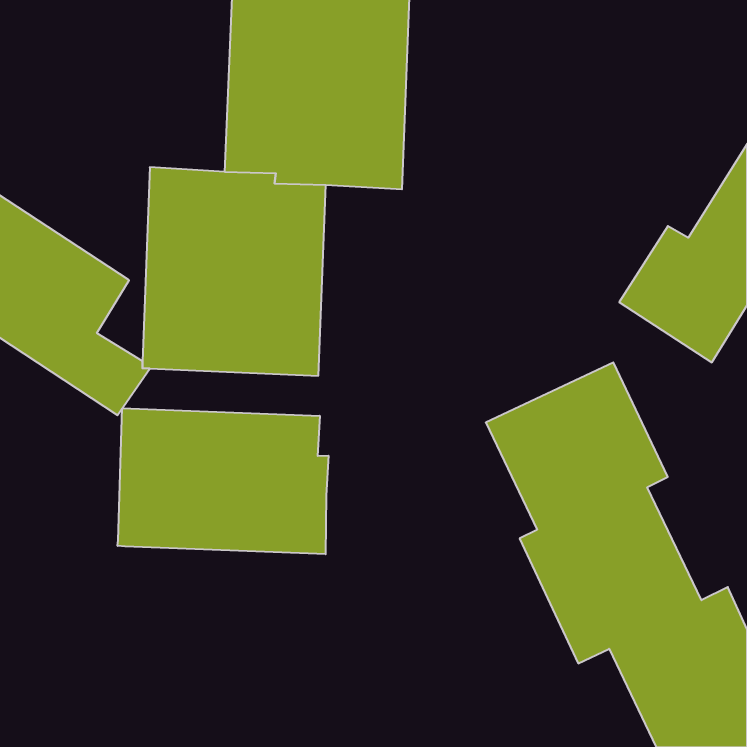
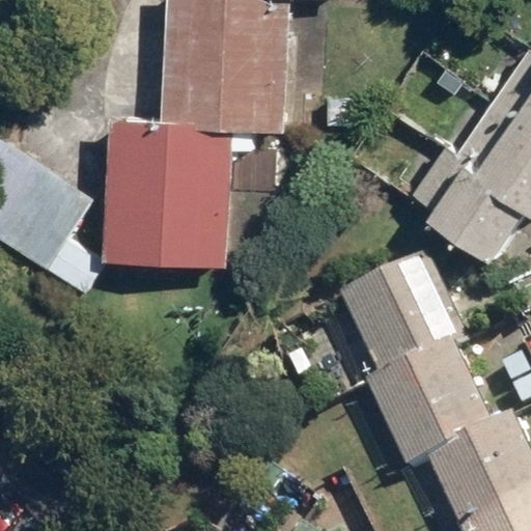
building: [118,408,328,554] -> none

